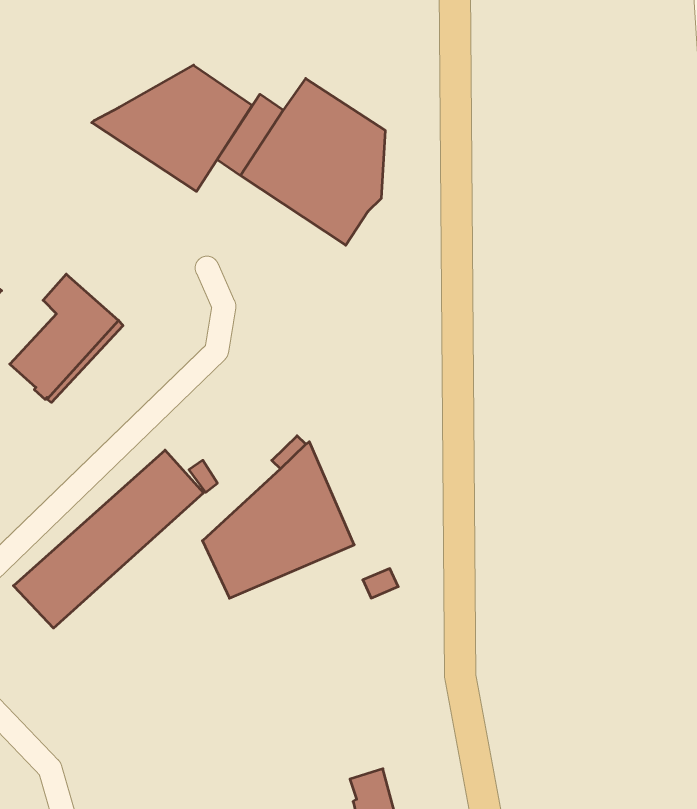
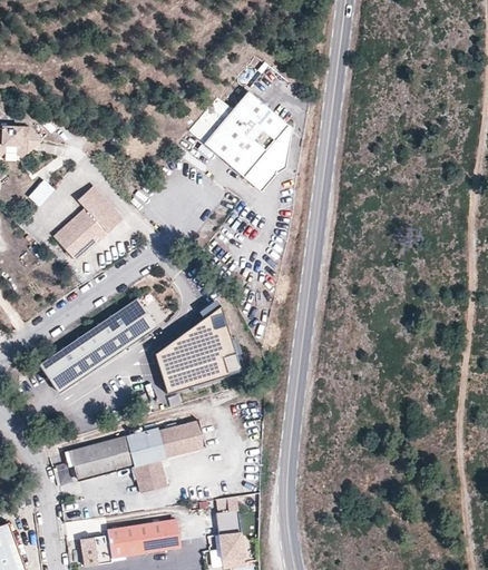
building: [92,65,252,191] -> none
building: none -> [69,421,205,494]

